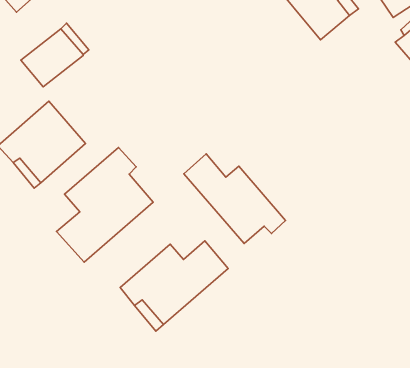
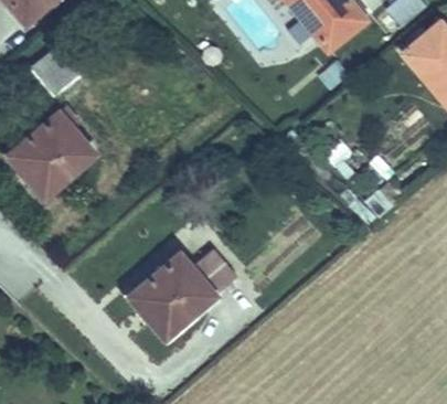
building: [56,147,153,262] -> none
building: [184,154,286,244] -> none

